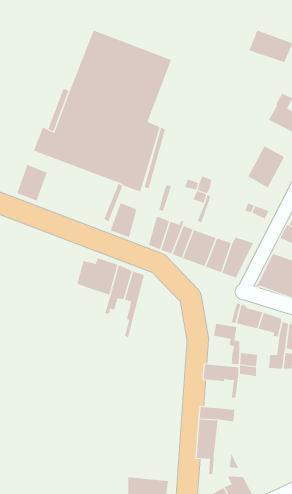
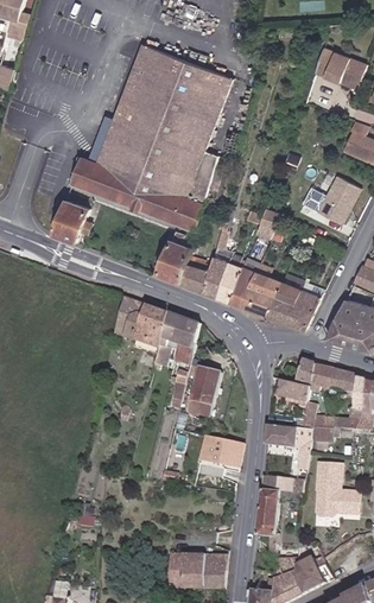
building: none -> [182,253,211,290]
building: none -> [188,366,218,415]
building: none -> [197,436,243,469]
building: none -> [313,462,357,515]

